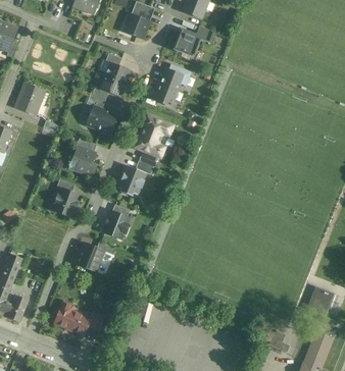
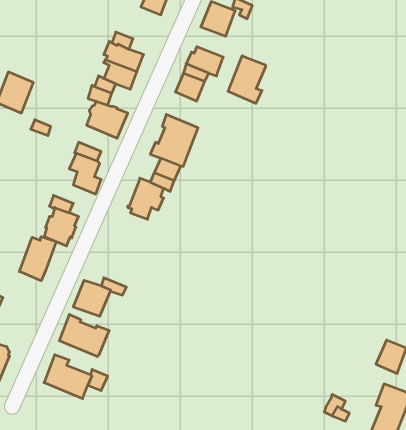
building: none -> [228,56,265,103]
building: [103,204,132,238] -> none
building: none -> [19,237,56,281]
building: none -> [59,314,109,357]

